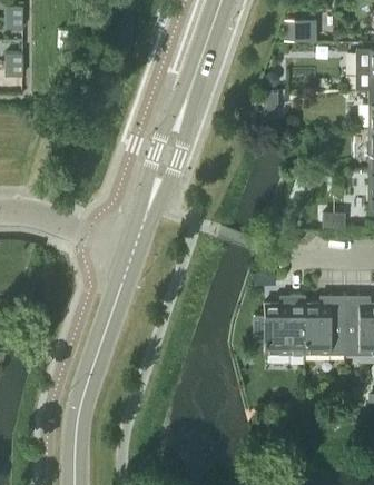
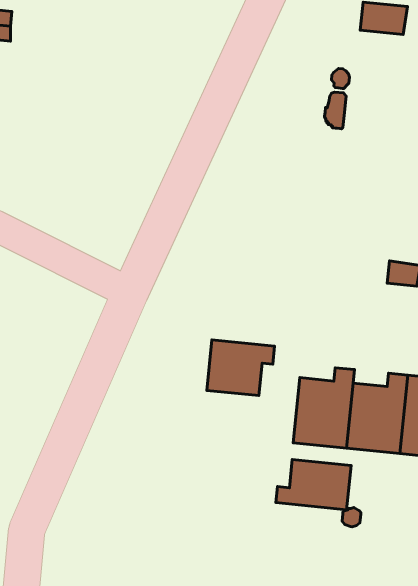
building: none -> [207,340,275,396]
building: none -> [276,460,351,510]

